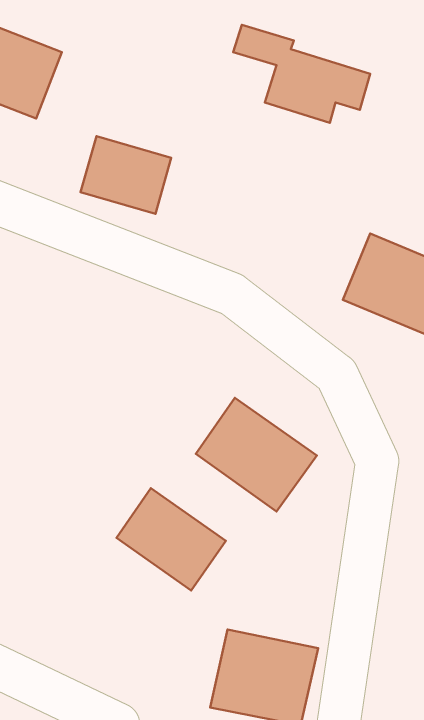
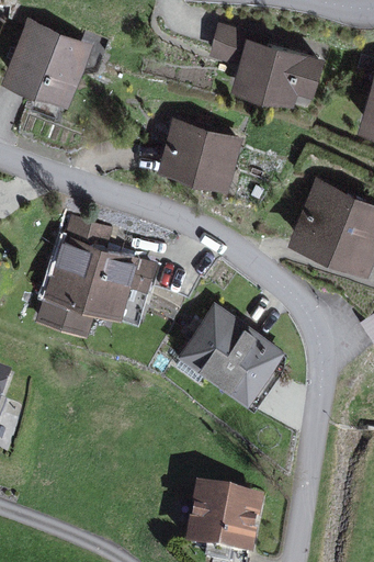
building: [80,136,171,214] -> [162,122,231,181]
building: none -> [42,220,143,324]
building: [116,488,226,590] -> none

